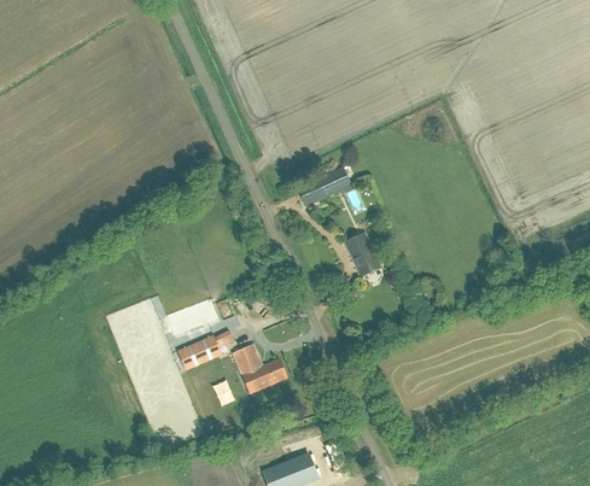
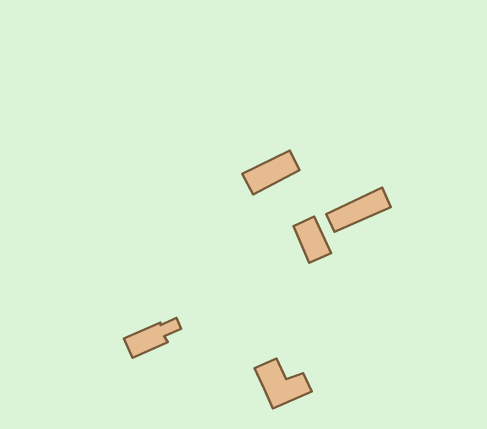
building: none -> [326,188,391,232]
building: [232,345,288,394] -> [255,358,312,408]

